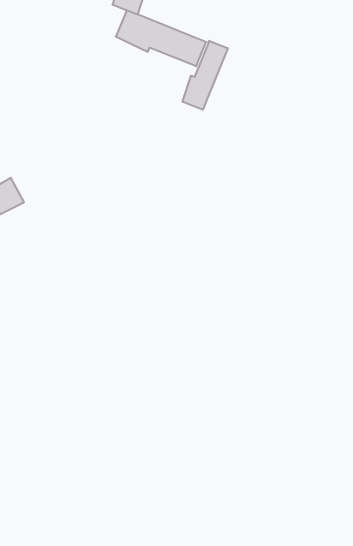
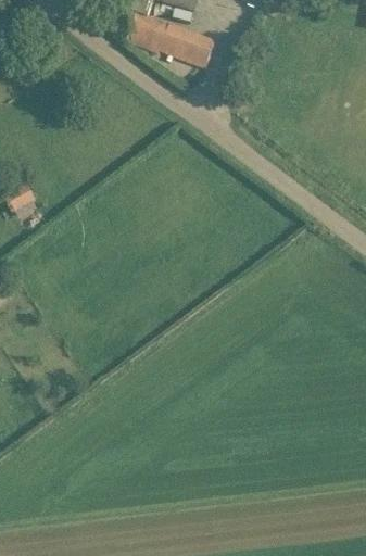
building: [183,41,228,110] -> none

